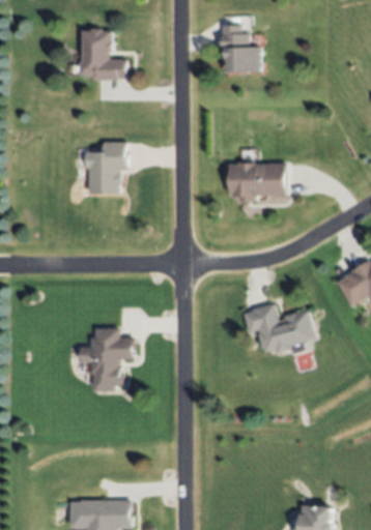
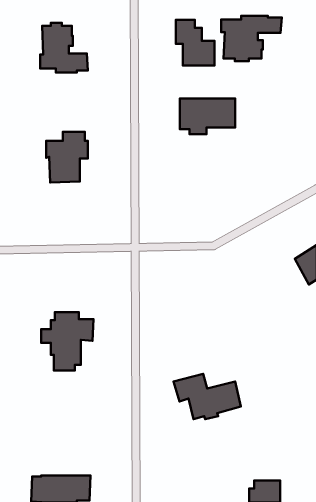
building: none -> [221,16,282,61]
building: [228,165,286,202] -> [180,99,235,134]
building: [242,304,313,352] -> [174,374,241,419]

